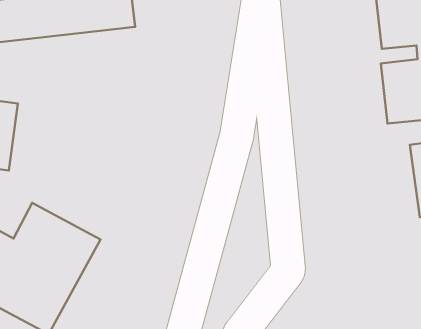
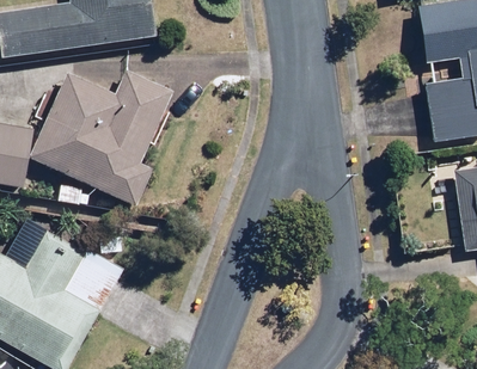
building: none -> [30,67,176,205]

